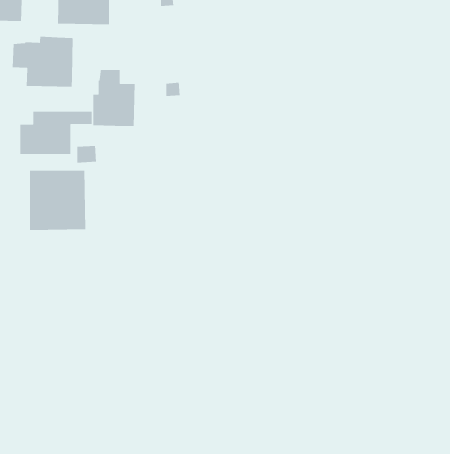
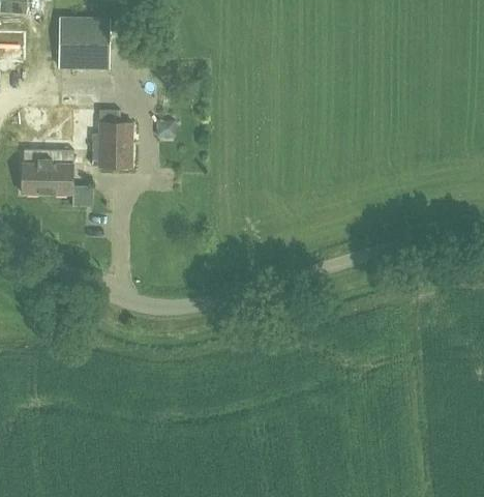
building: [12,36,74,88] -> none
building: [29,170,86,231] -> none

